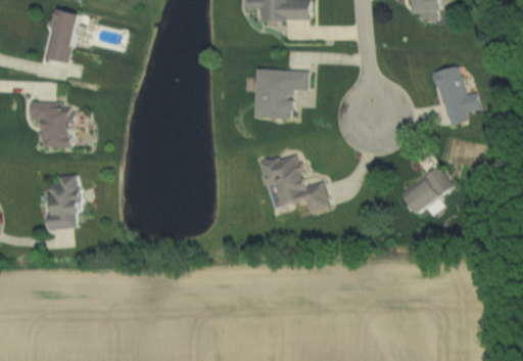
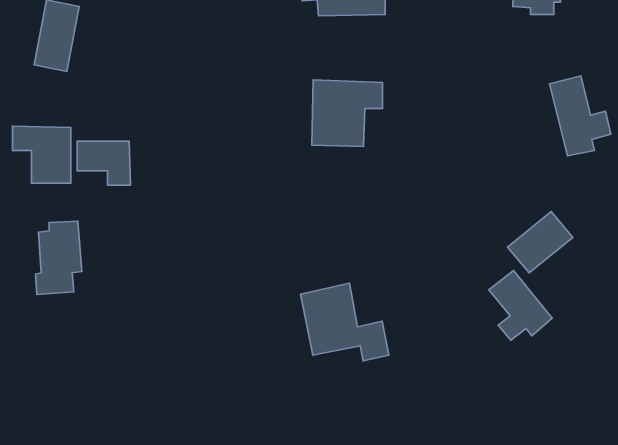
building: none -> [77,141,130,185]
building: [262,153,328,212] -> [300,283,389,361]
building: none -> [489,271,552,340]

